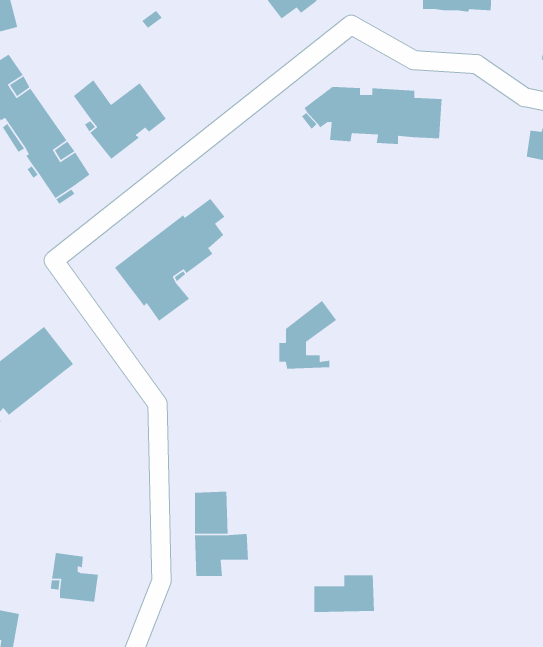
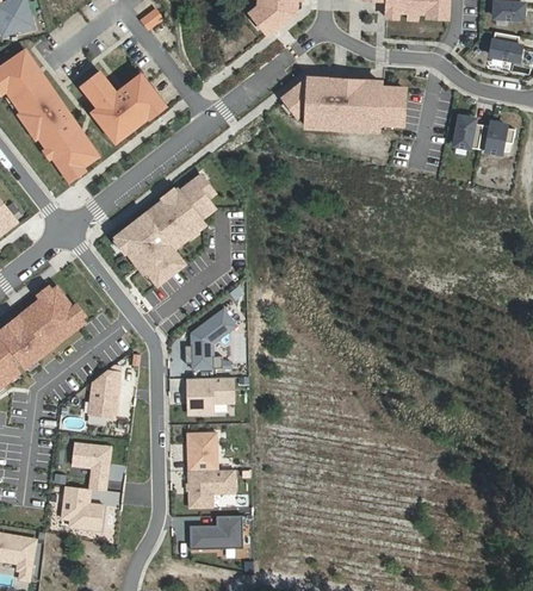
building: none -> [454,108,481,141]
building: [278,300,337,369] -> [185,309,236,369]
building: none -> [89,371,120,417]
building: none -> [186,378,234,415]
building: none -> [72,443,110,491]
building: [314,575,375,613] -> [190,516,243,549]

